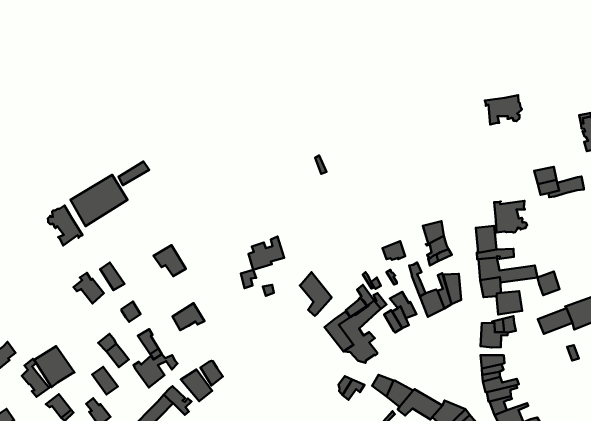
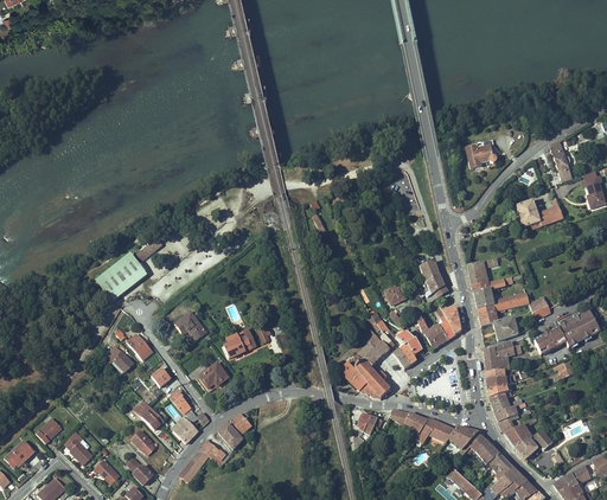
building: [494,201,527,233] -> none
building: [48,205,83,246] -> none
building: [248,236,284,270] -> [223,327,256,360]
building: [300,272,331,316] -> none
building: [34,346,74,387] -> none

